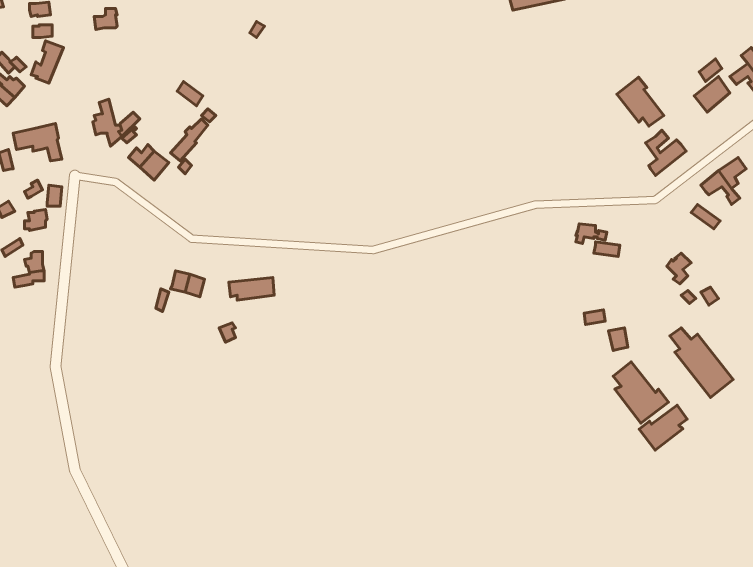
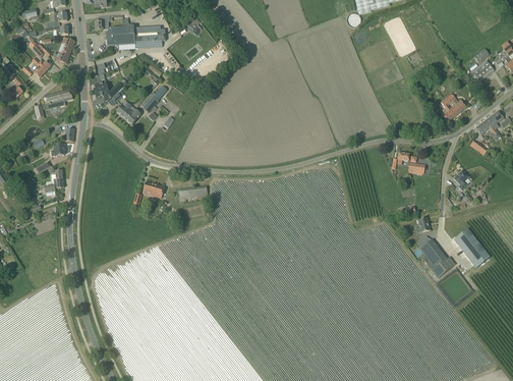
building: none -> [105,18,164,45]
building: [617,77,664,126] -> none
building: [639,405,687,450] -> none

